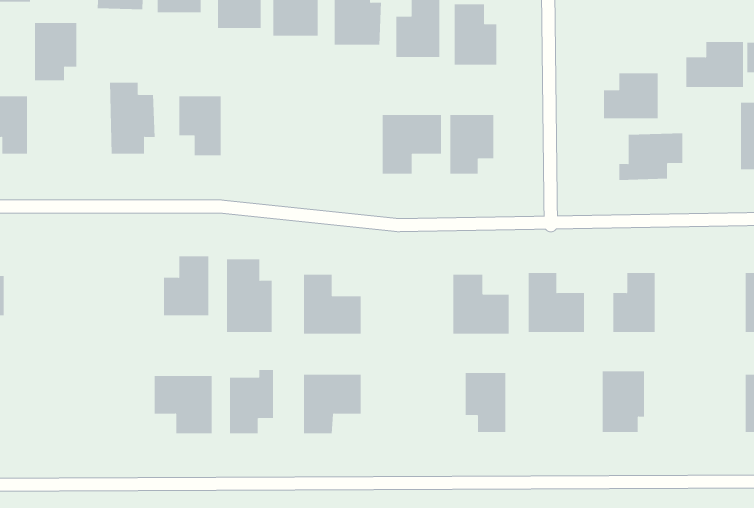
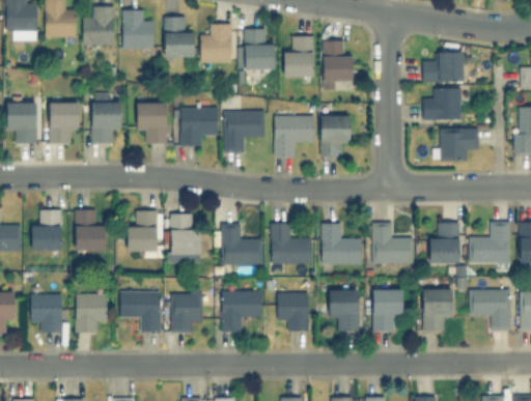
building: [34,22,77,81] -> [50,104,79,143]
building: [685,42,744,88] -> [423,52,463,83]
building: none -> [181,103,218,146]
building: none -> [226,111,263,152]
building: none -> [32,210,62,251]
building: none -> [76,210,106,250]
building: none -> [470,222,510,263]
building: none -> [273,224,310,264]
building: none -> [374,289,403,331]
building: none -> [471,289,509,331]
building: none -> [278,293,308,331]
building: none -> [31,294,62,334]
building: none -> [77,294,108,333]

